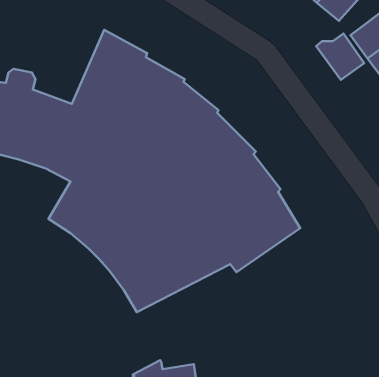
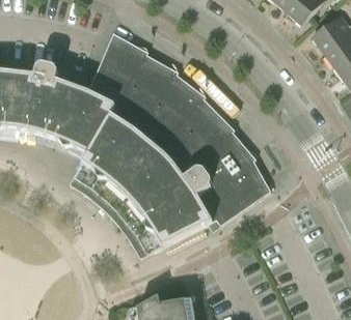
building: [316,34,364,80] -> none

